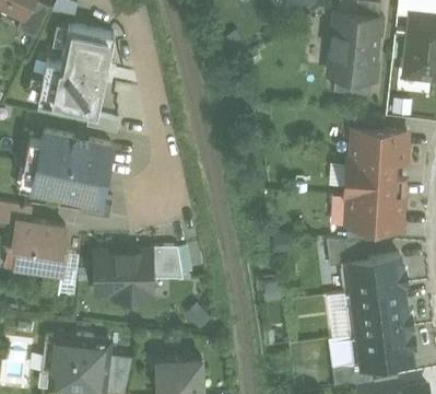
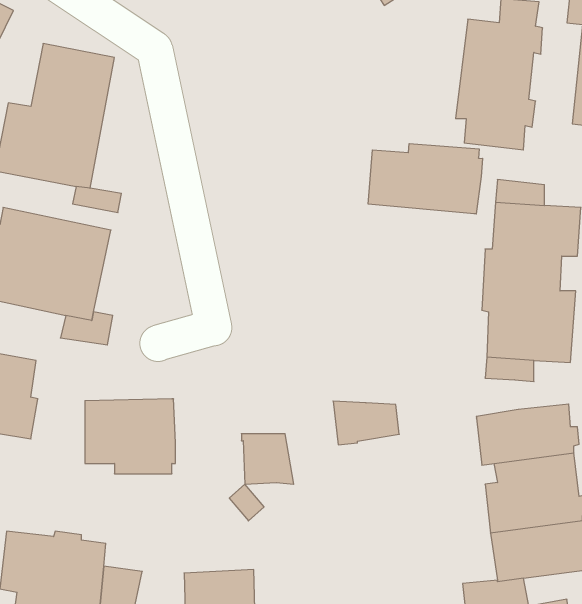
building: none -> [368,144,483,214]
building: [326,237,367,265] -> [333,401,399,445]
building: [150,247,182,279] -> [241,434,294,484]

